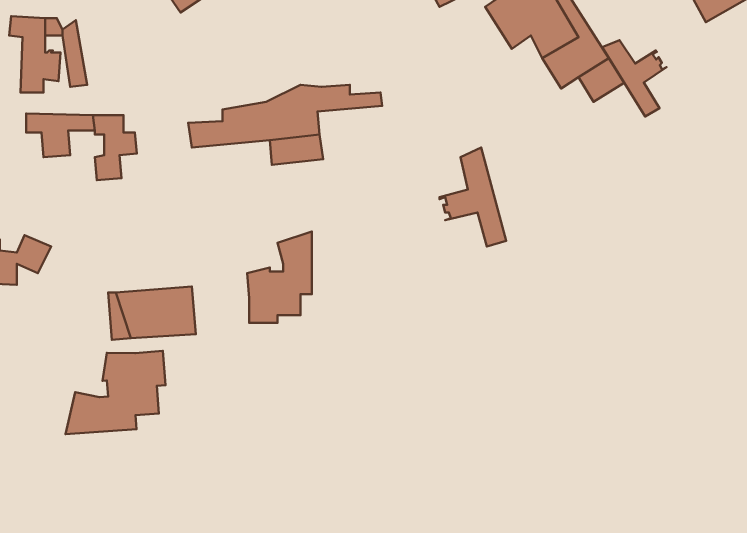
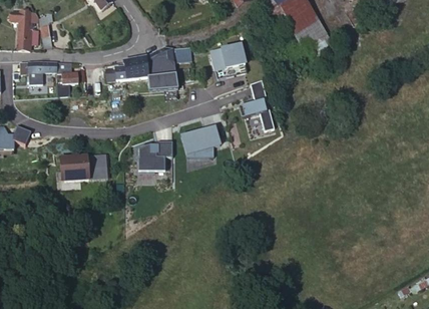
building: [602,40,667,116] -> none
building: none -> [209,45,245,78]
building: none -> [178,124,218,158]
building: [65,351,166,434] -> none

